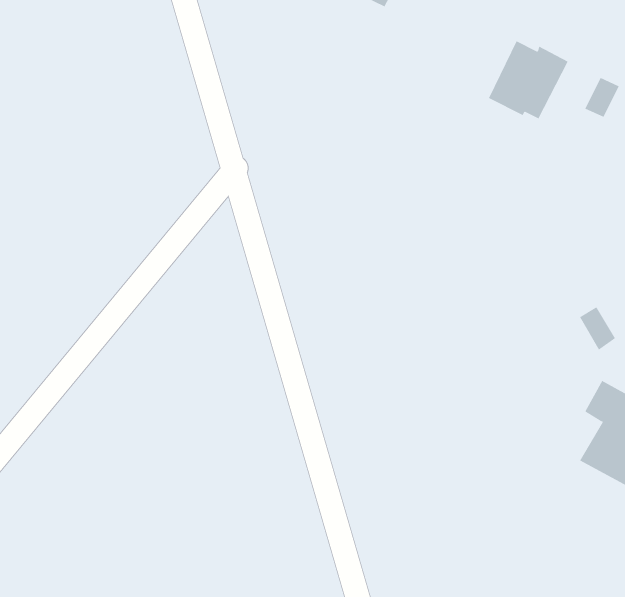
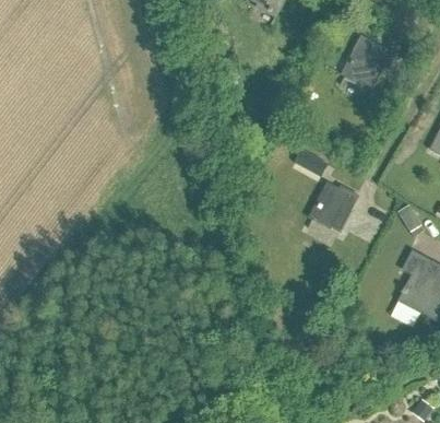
building: none -> [309,177,359,225]

